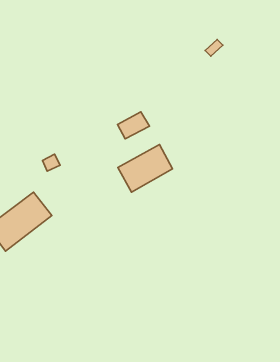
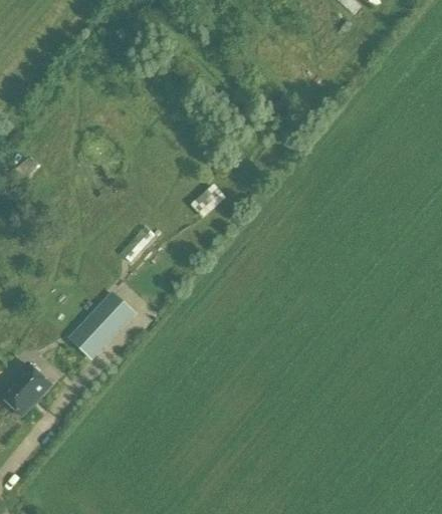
building: [118,145,173,192] -> none

